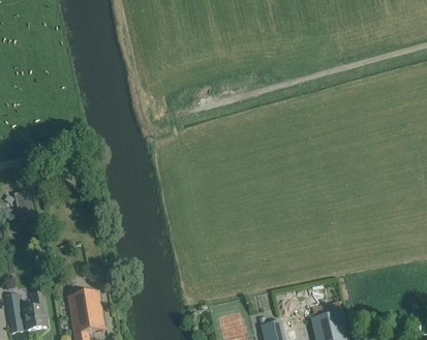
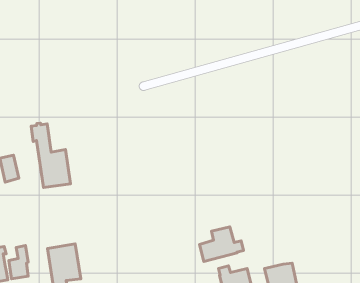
building: none -> [31,123,70,188]
building: none -> [200,227,243,262]

